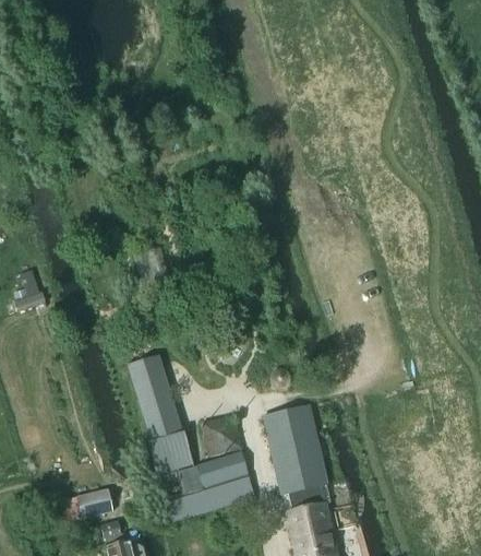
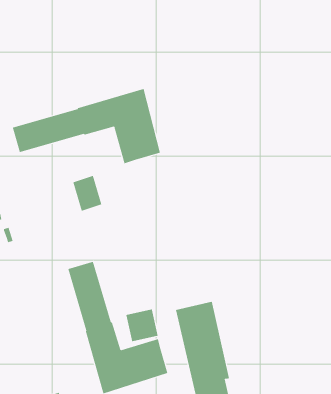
building: none -> [12,88,161,164]
building: [76,487,113,517] -> none

